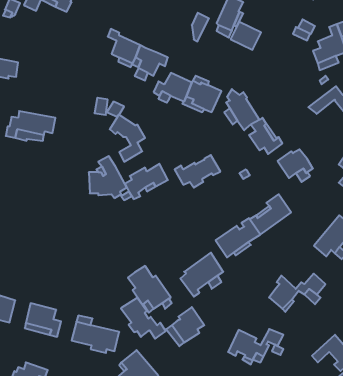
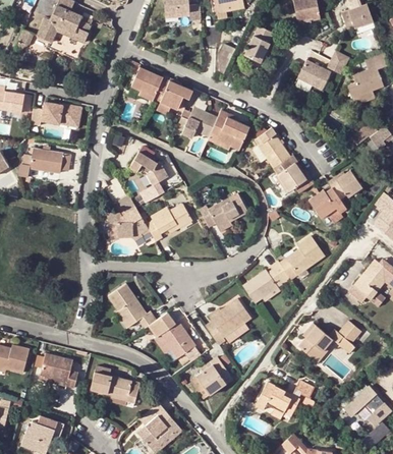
building: [231,22,261,50] -> [296,59,329,89]
building: none -> [30,101,81,125]
building: none -> [328,171,360,198]
building: [121,298,166,339] -> [108,284,156,328]

